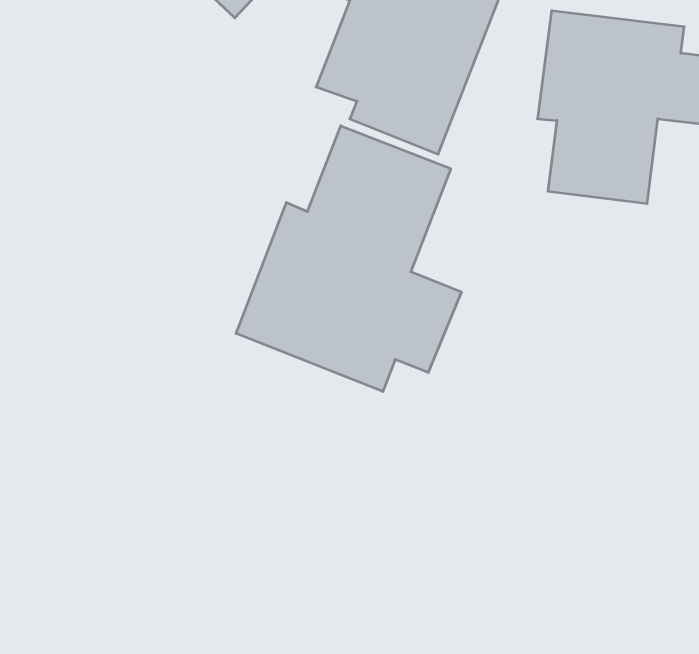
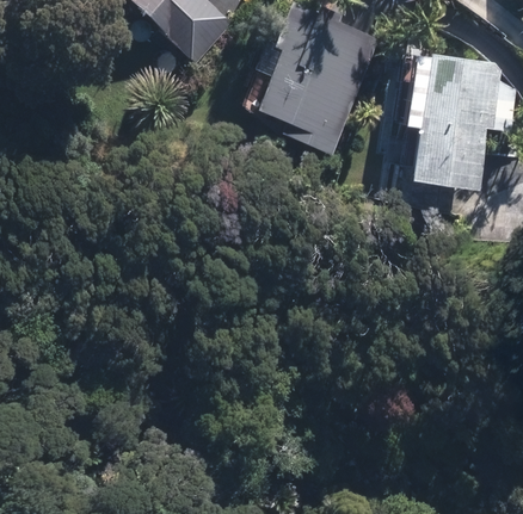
building: [236,126,461,392] -> none

